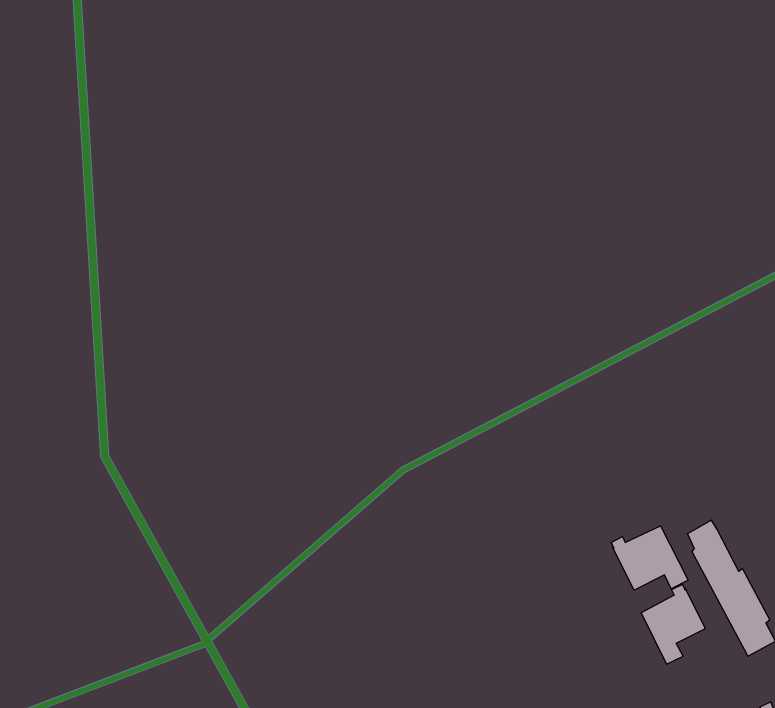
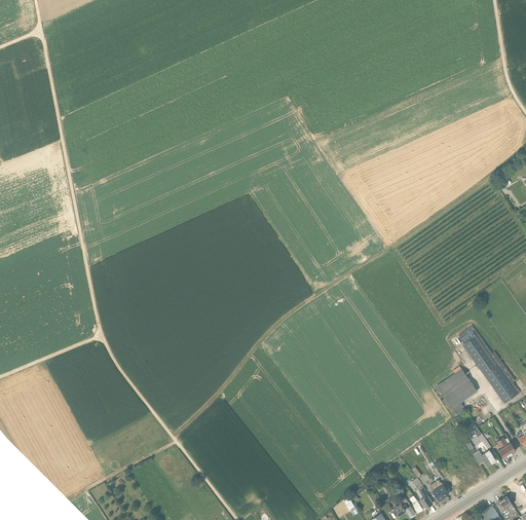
building: [611,526,688,590] -> none

